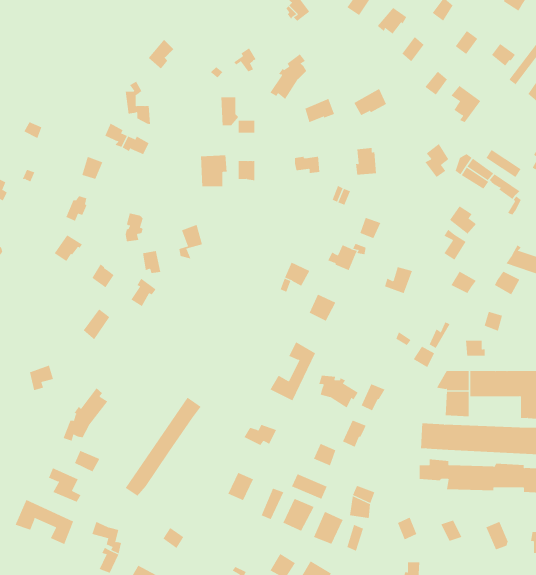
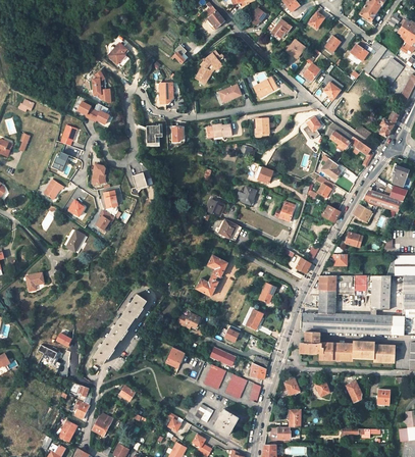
building: [319,375,359,409] -> none
building: [63,388,108,441] -> none
building: [15,499,74,545] -> none

